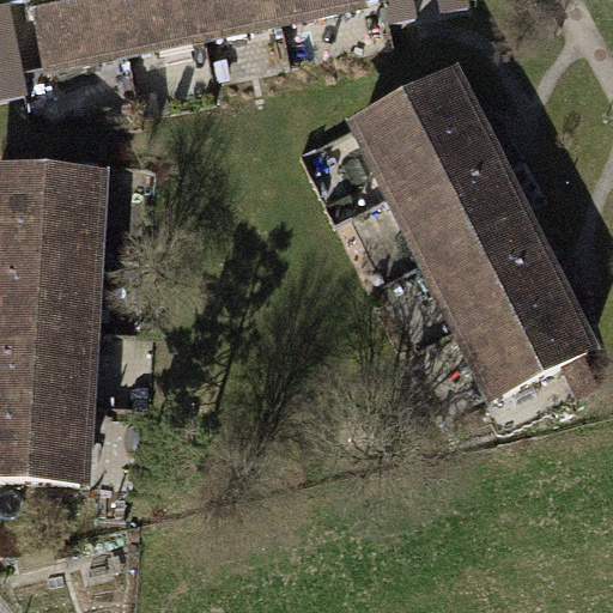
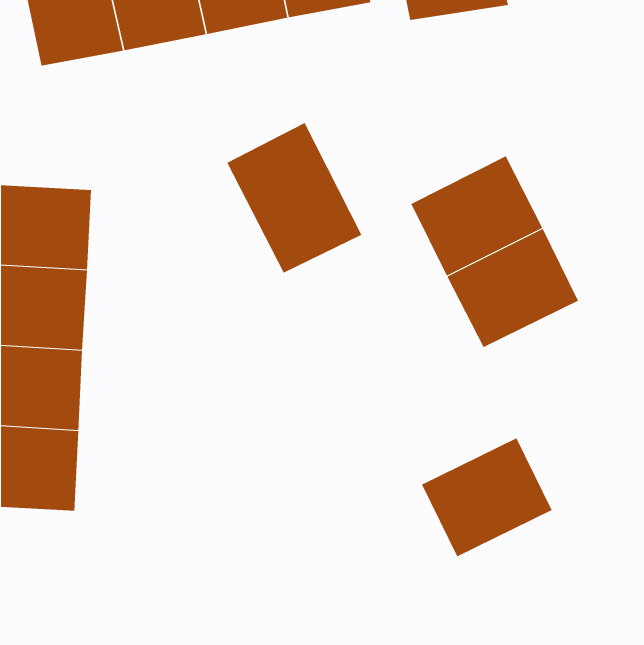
building: [359,78,482,192] -> none
building: none -> [227,122,362,273]
building: [461,283,584,395] -> [421,437,553,557]

